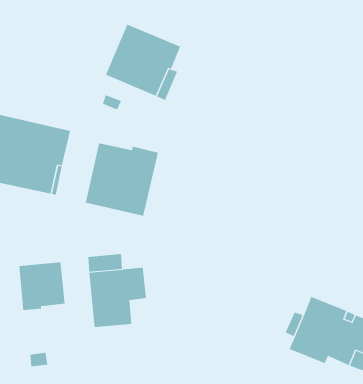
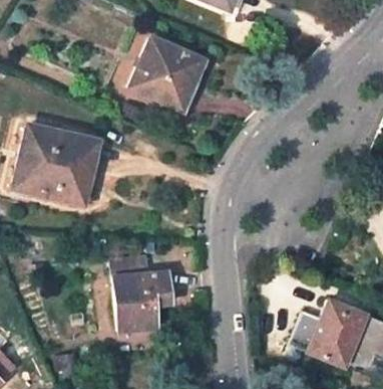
building: [85,142,158,216] -> none
building: [19,261,65,311] -> none

